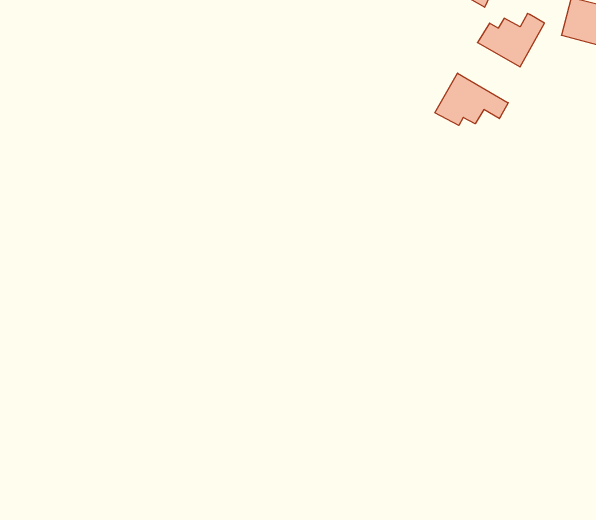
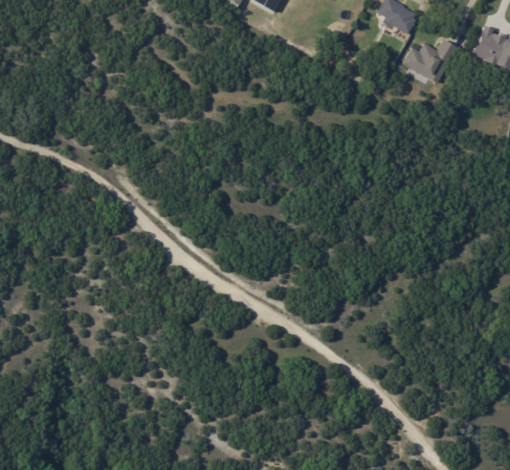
building: [435,73,508,125] -> none

